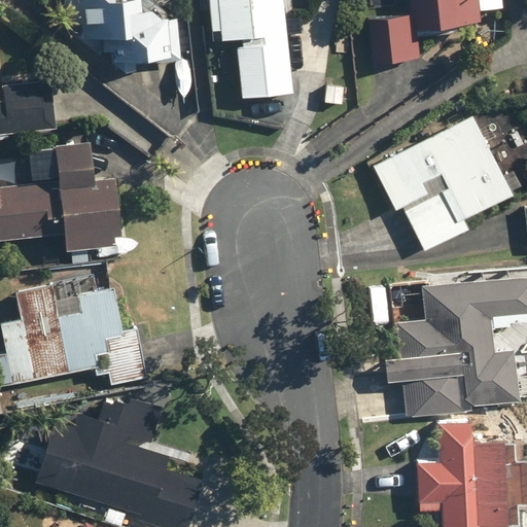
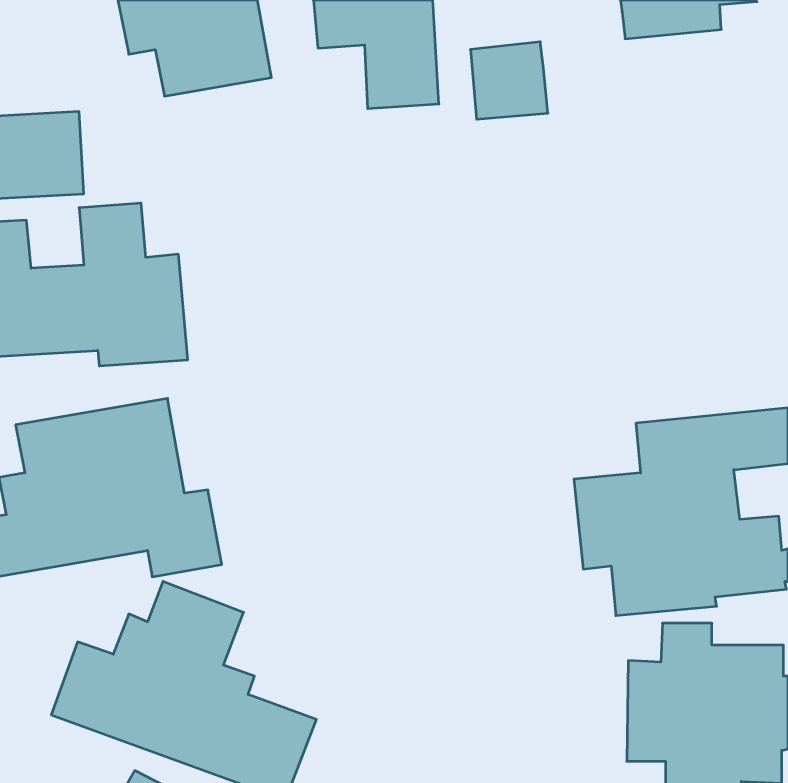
building: [366,14,418,66] -> [470,42,548,119]
building: [375,114,512,257] -> none

